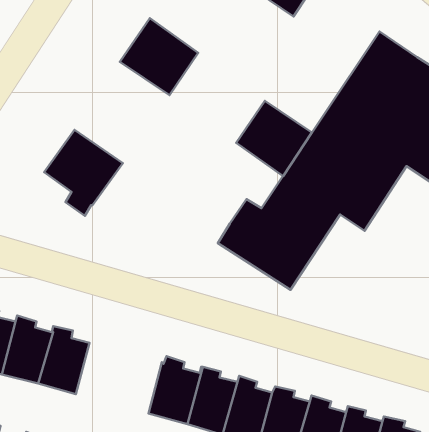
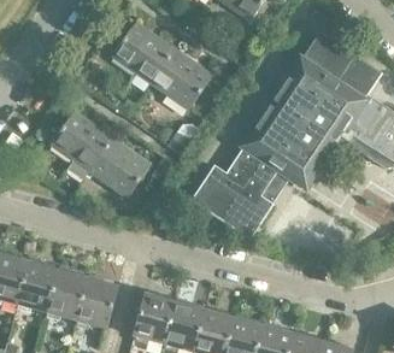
building: [236,101,312,176] -> [152,48,212,108]
building: none -> [90,136,152,195]
building: none -> [77,273,118,328]

